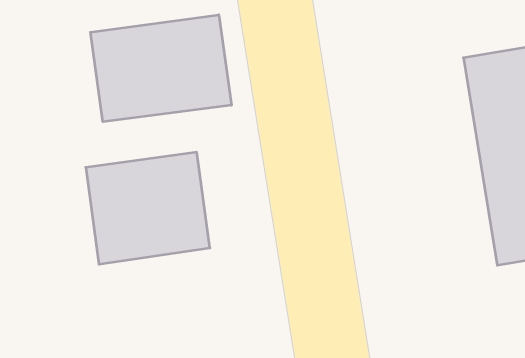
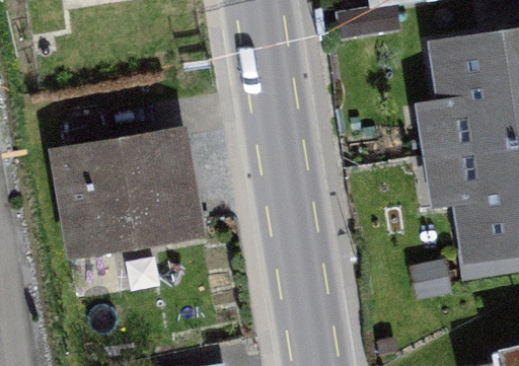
building: [90,15,231,122] -> none

